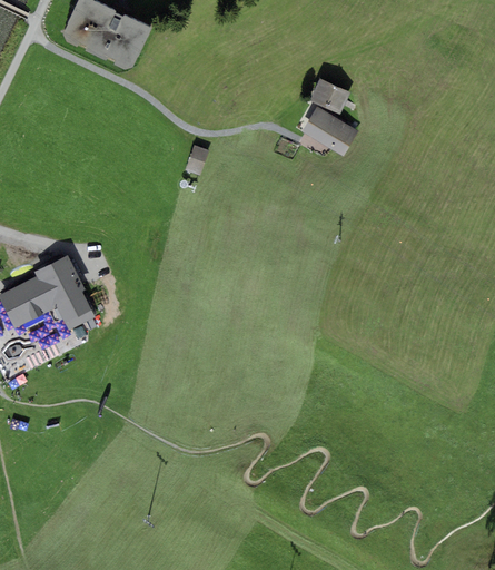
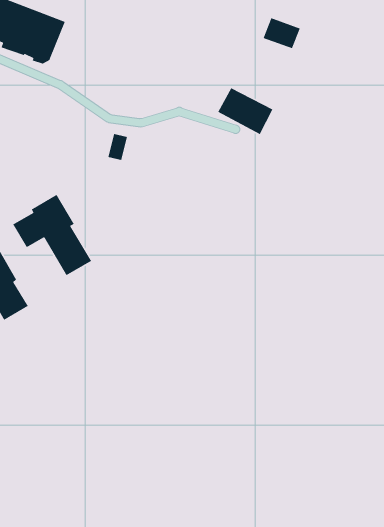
building: [309,78,349,112] -> [263,17,301,49]
building: none -> [12,194,92,276]

